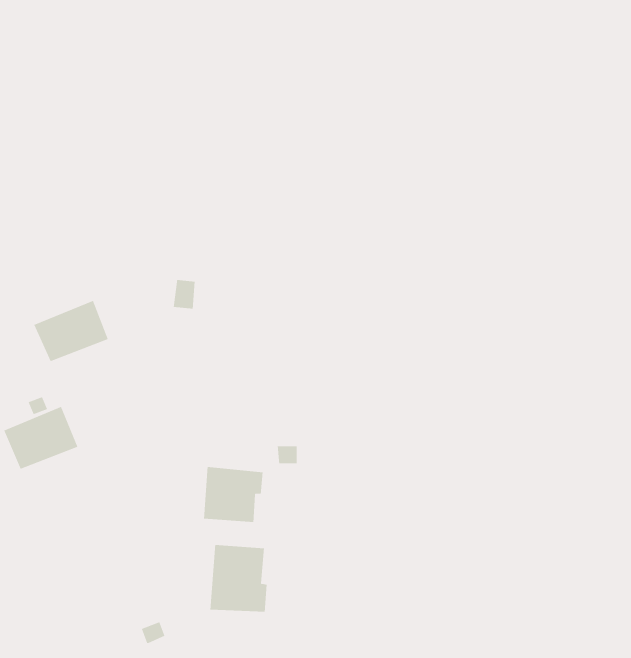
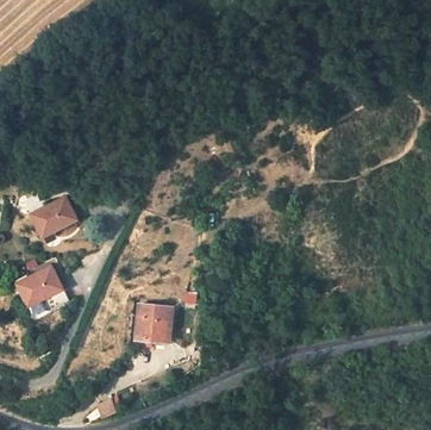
building: [210,544,267,613] -> none

